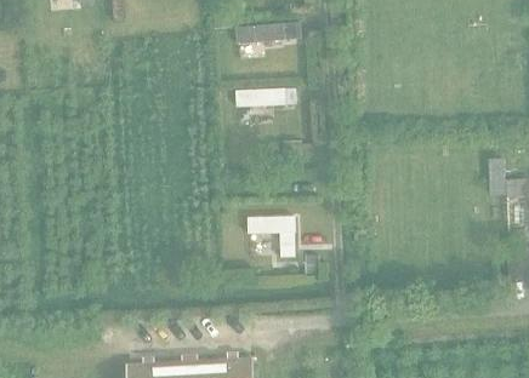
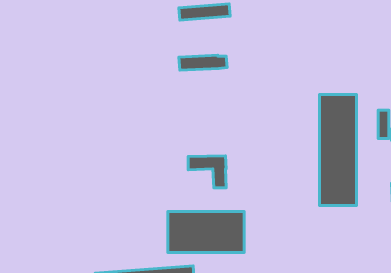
building: none -> [320,94,356,206]
building: none -> [168,211,244,253]

